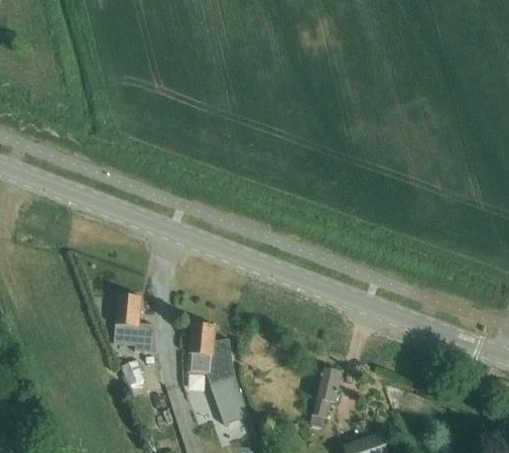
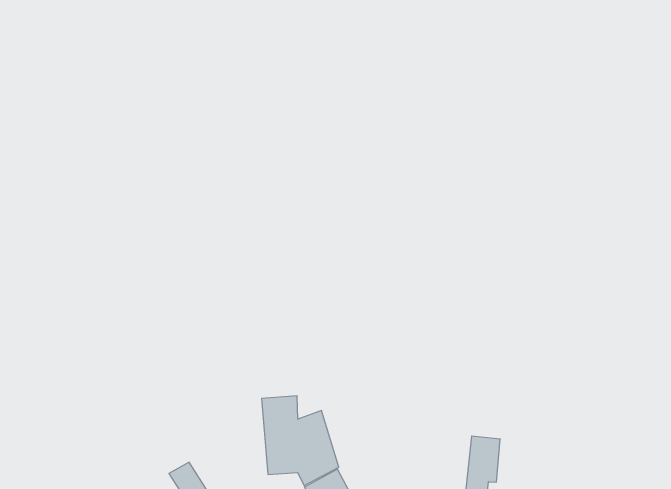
building: [112,295,155,354] -> none

